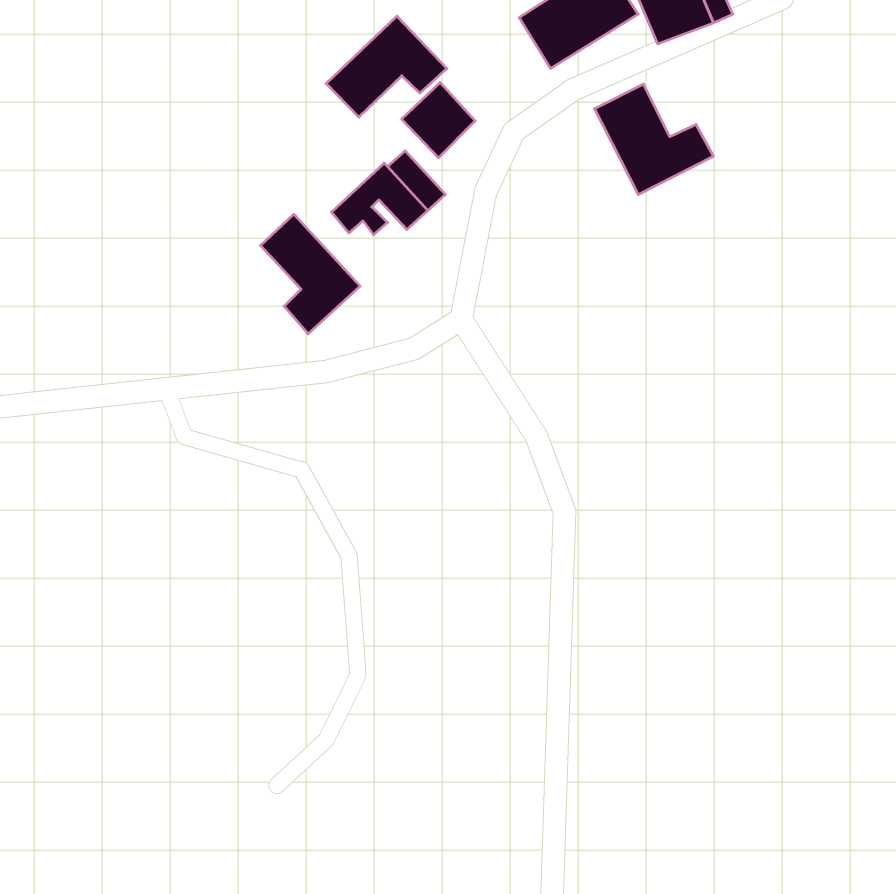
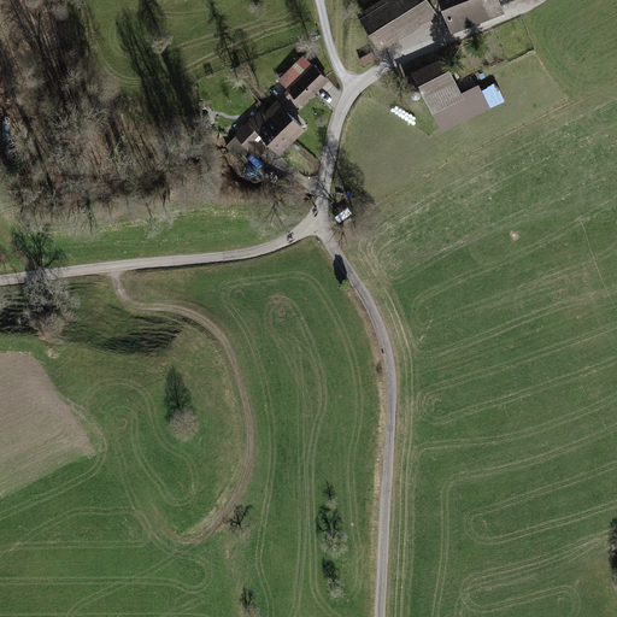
building: [326,16,447,117] -> none
building: [260,214,360,334] -> none

